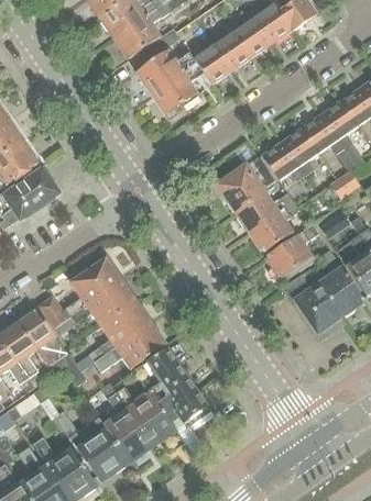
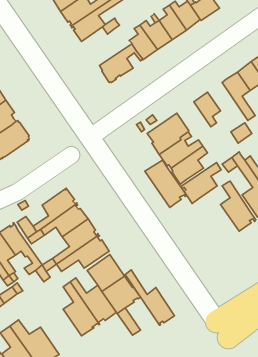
building: [135,49,196,92] -> none
building: [299,115,354,171] -> none
building: [261,142,304,181] -> none
building: [285,269,342,334] -> [145,160,187,208]
building: none -> [125,270,174,325]
building: [54,411,129,482] -> none

